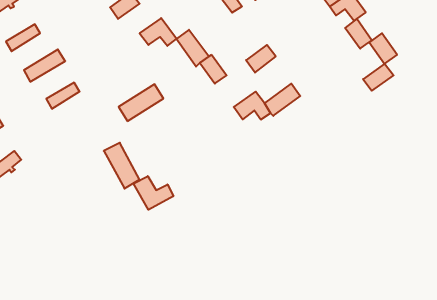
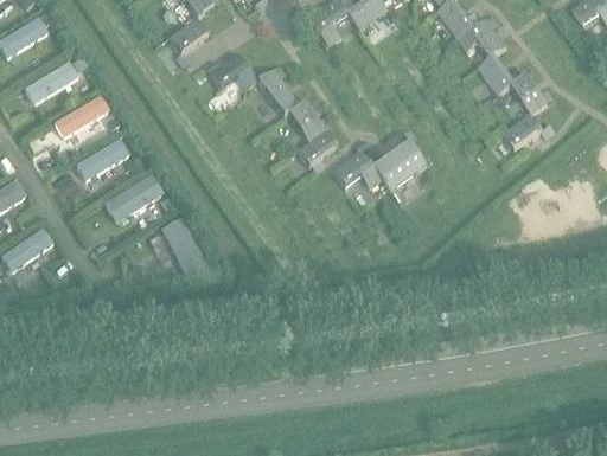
building: [246,45,276,73] -> [295,130,334,167]
building: [119,84,163,121] -> [103,174,162,223]
building: [133,176,173,210] -> none

